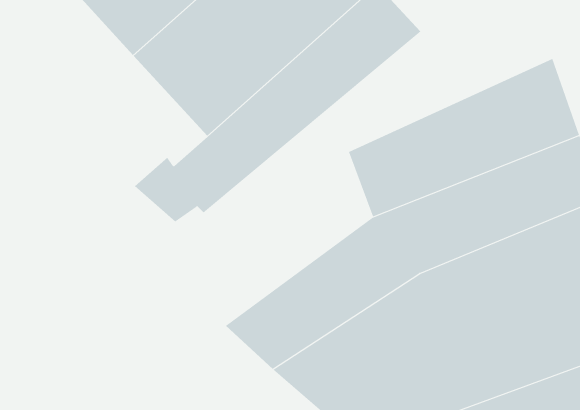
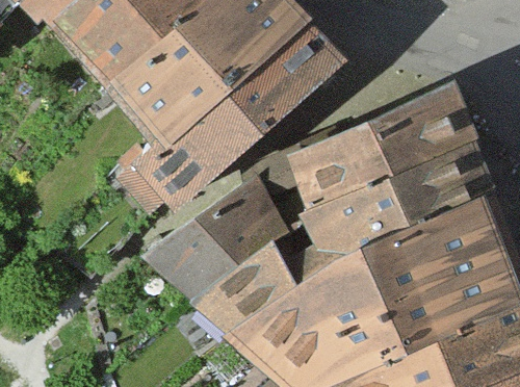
building: none -> [142,157,308,299]

